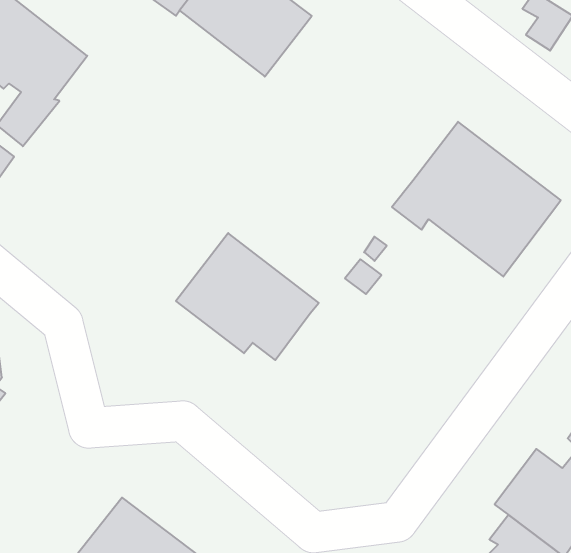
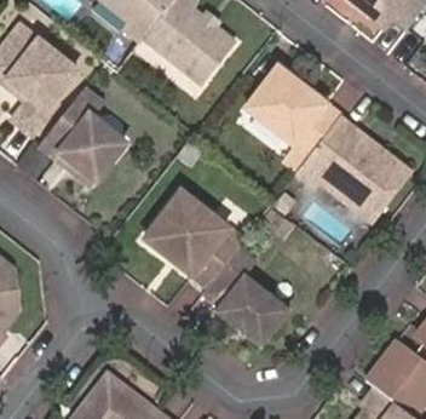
building: none -> [242,65,336,155]
building: none -> [42,85,128,182]
building: none -> [197,247,286,348]

